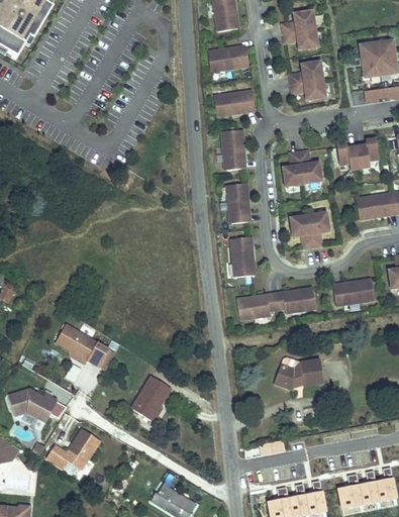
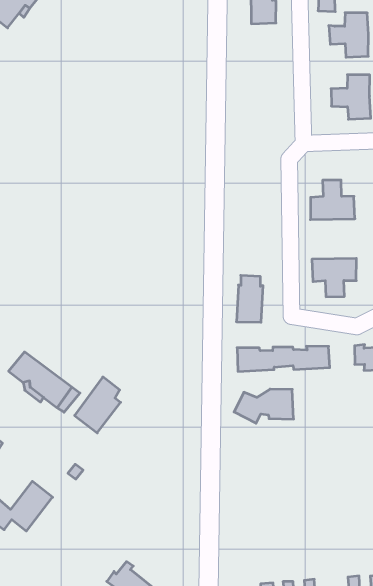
building: [207,47,247,72] -> none
building: [214,92,255,116] -> none
building: [221,129,243,170] -> none
building: [226,183,250,223] -> none
building: [273,357,322,389] -> [234,389,294,423]
building: [134,375,171,421] -> [75,377,121,433]

